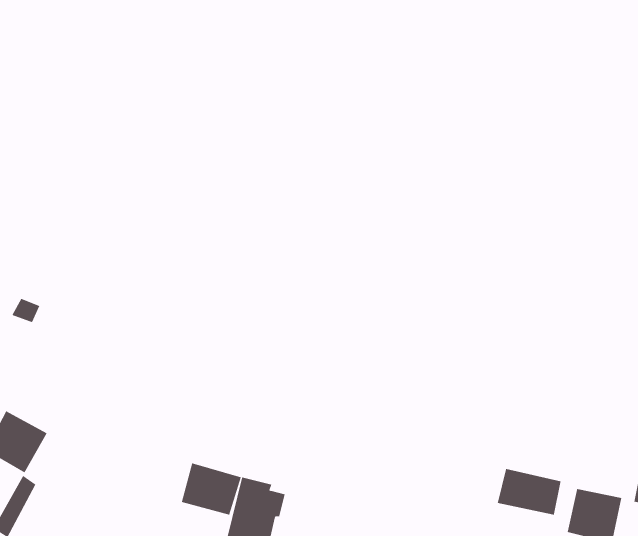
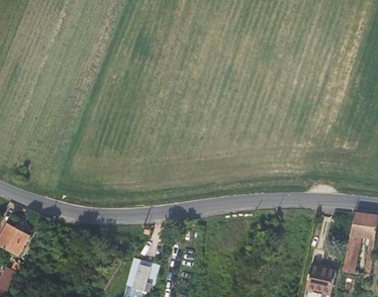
building: [181,463,242,515] -> none
building: [497,468,561,515] -> none

